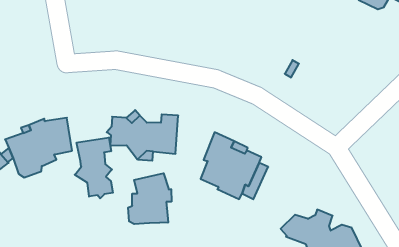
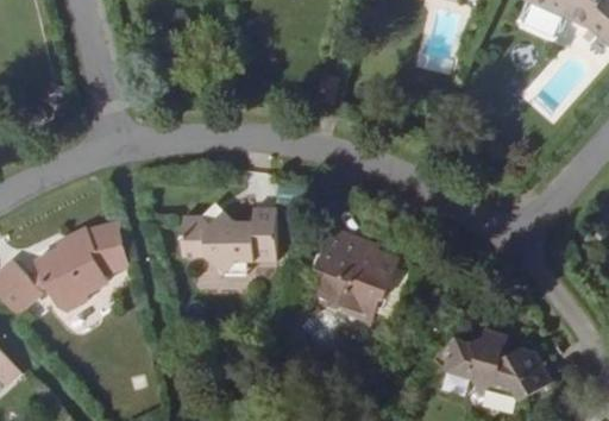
building: [75,137,113,198] -> none
building: [128,173,171,224] -> none

